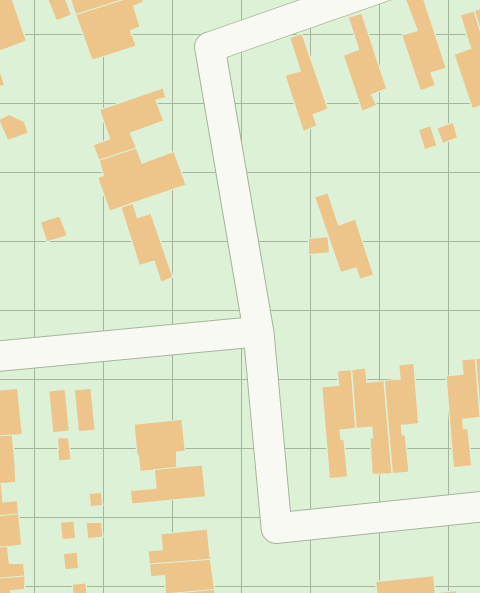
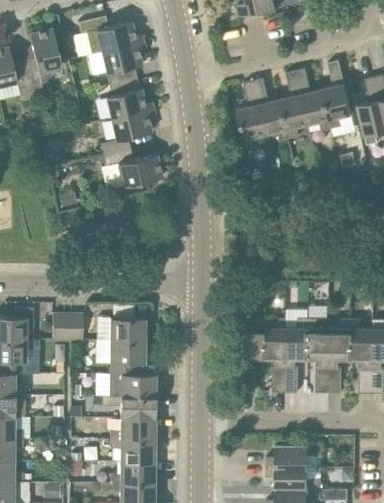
building: none -> [297,69,332,131]
building: none -> [103,78,154,120]
building: [314,193,374,279] -> [254,79,290,141]
building: [121,203,173,282] -> none
building: none -> [308,318,331,393]
building: none -> [110,318,144,341]
building: none -> [102,396,155,419]
building: none -> [267,445,323,467]

